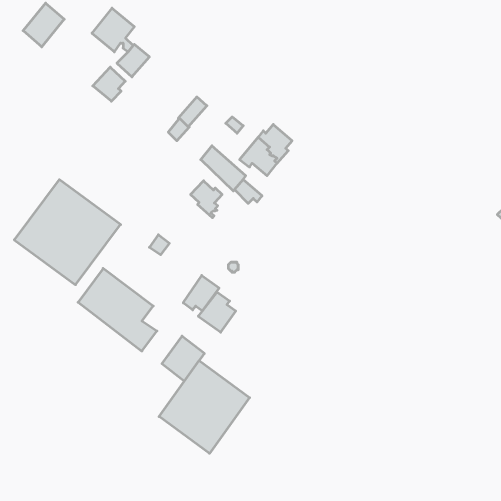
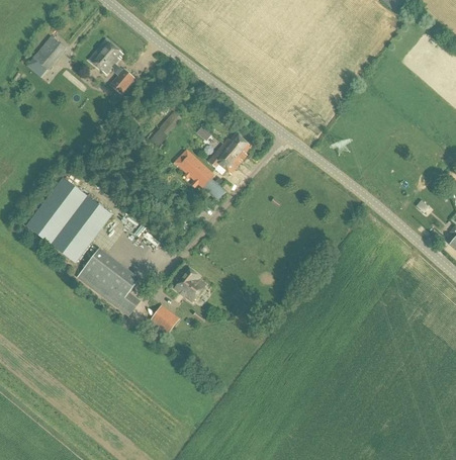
building: [93,67,125,101] -> none
building: [191,181,222,218] -> none
building: [183,275,219,311] -> none
building: [159,361,250,453] -> none

